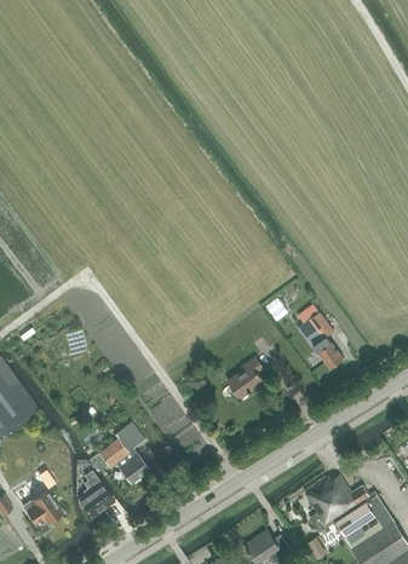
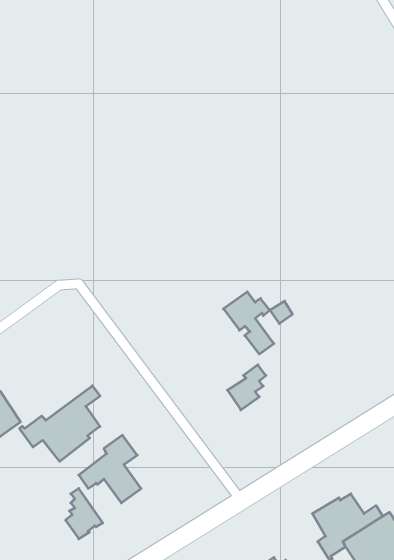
building: [297,311,343,368] -> [223,292,274,354]
building: none -> [20,386,100,461]
building: [25,489,62,523] -> none

